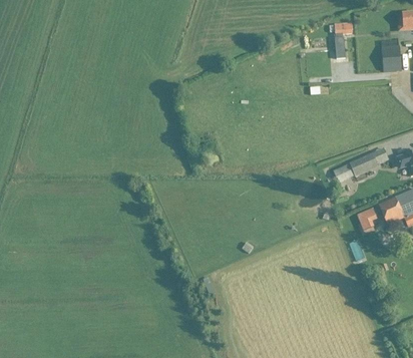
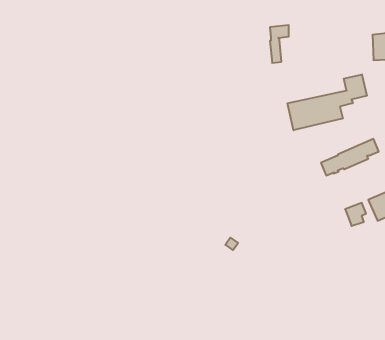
building: [334,21,352,57] -> [270,25,289,63]
building: none -> [288,74,367,130]

